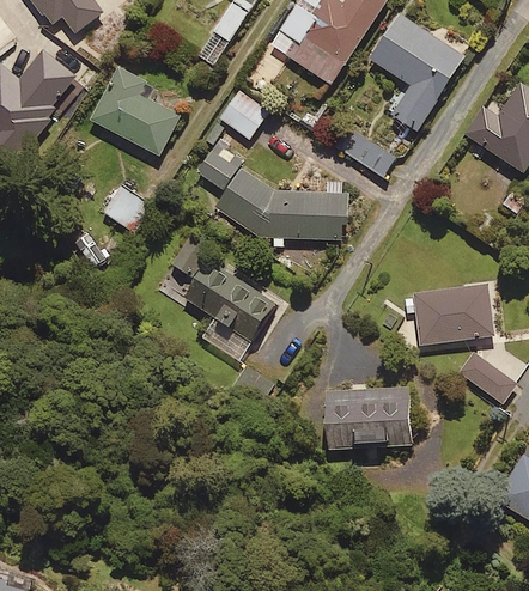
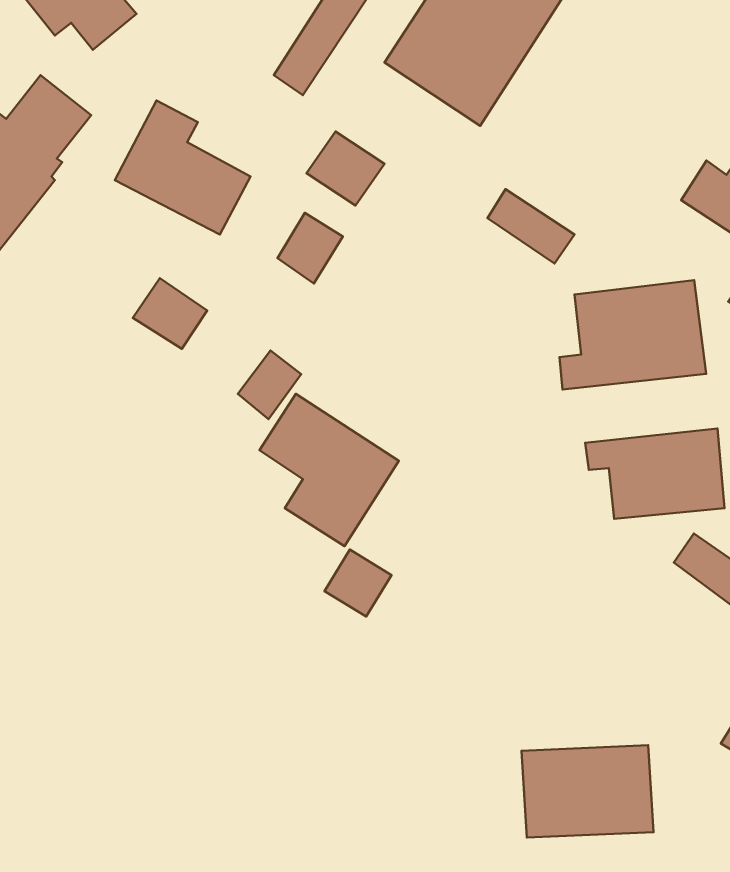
building: [370,14,466,132] -> none
building: [215,170,348,246] -> none
building: none -> [560,280,706,389]
building: [326,388,413,449] -> [521,745,653,838]

